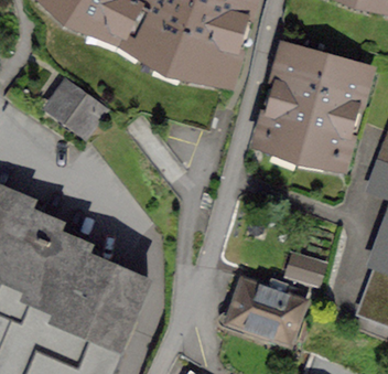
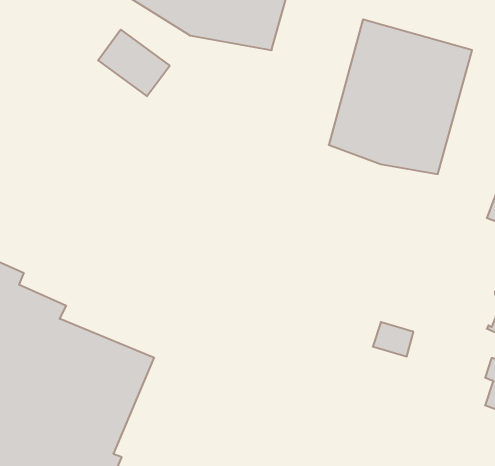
building: [50,83,98,128] -> [98,30,170,96]
building: [225,276,302,342] -> none

